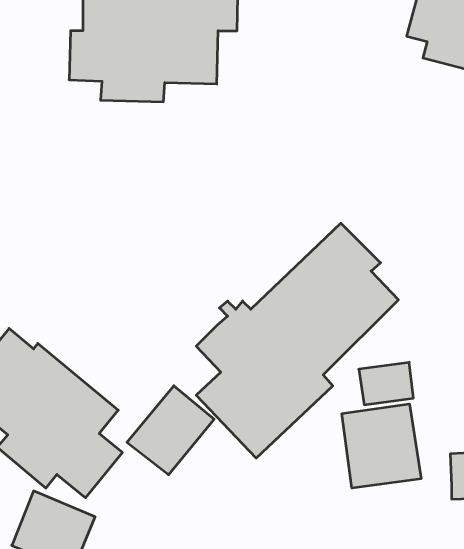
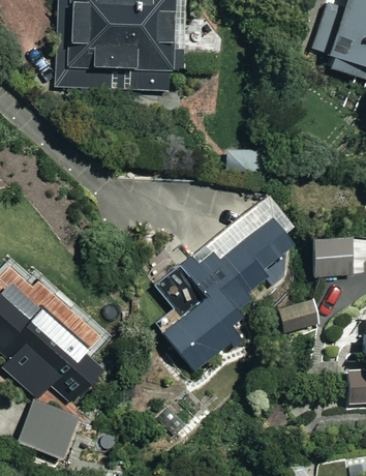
building: none -> [315,234,354,277]
building: [127,386,214,475] -> none
building: [342,404,421,488] -> none

